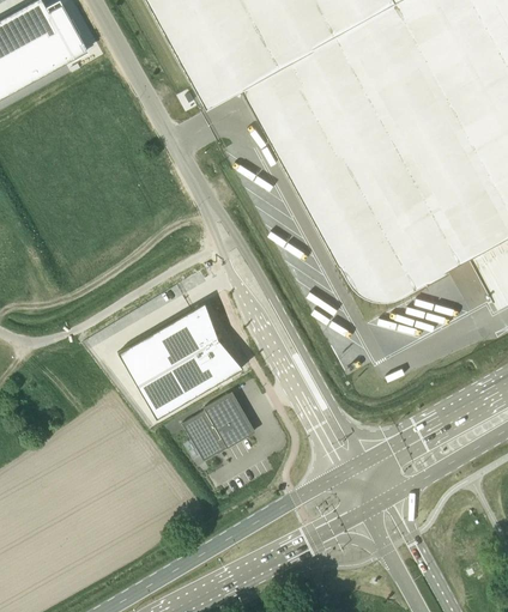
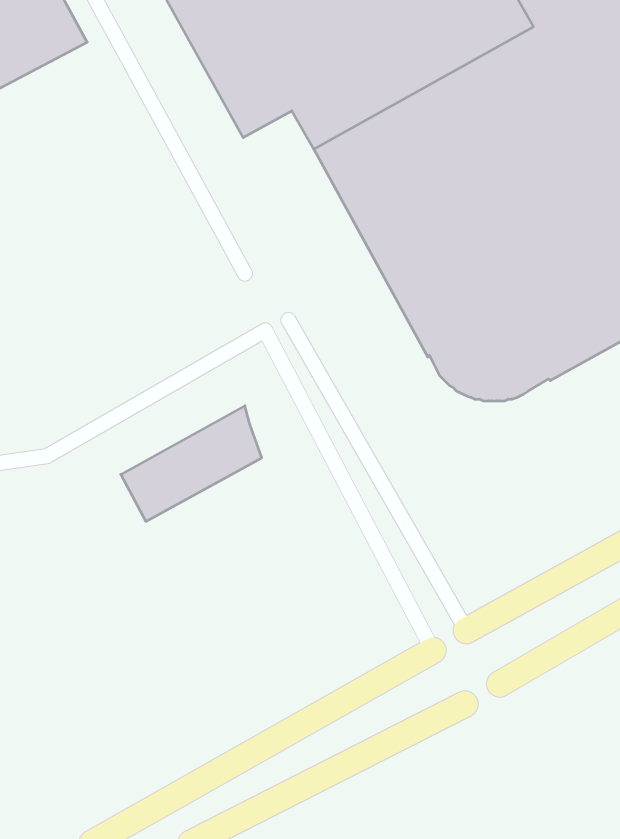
building: [138,337,246,416] -> none
building: [183,393,253,460] -> none

